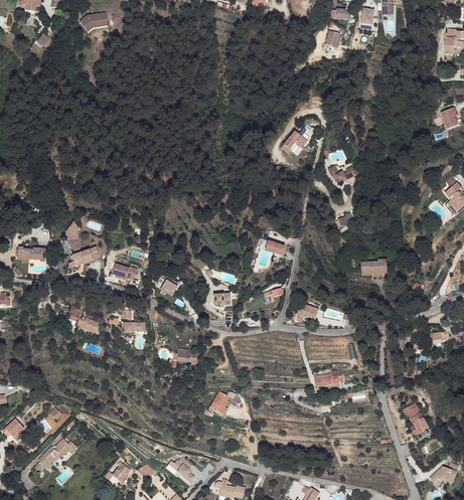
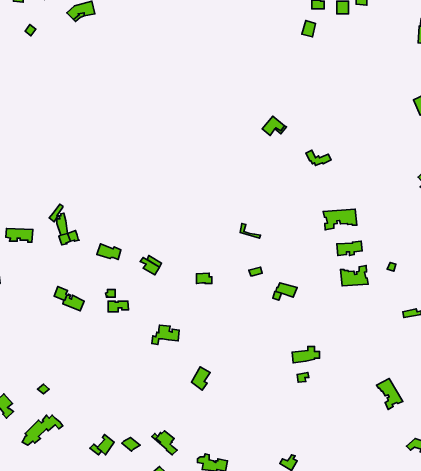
building: none -> [323,209,357,230]
building: none -> [340,265,368,286]

